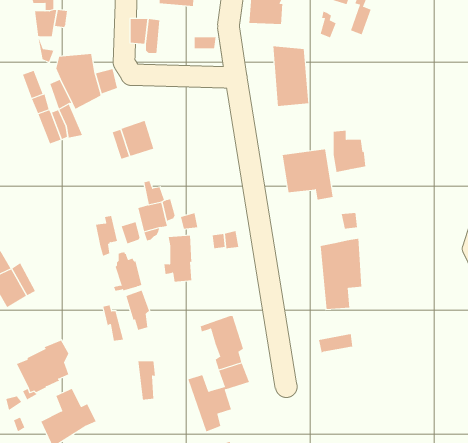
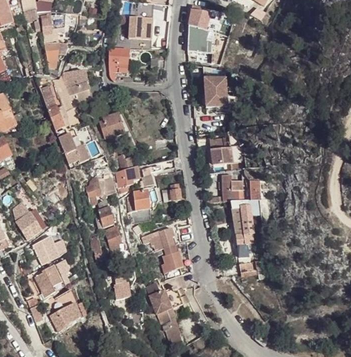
building: [333,130,366,173] -> [221,171,243,199]
building: none -> [57,132,87,162]
building: none -> [148,227,174,250]
building: none -> [31,236,62,264]

